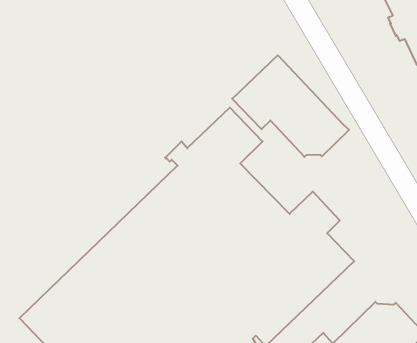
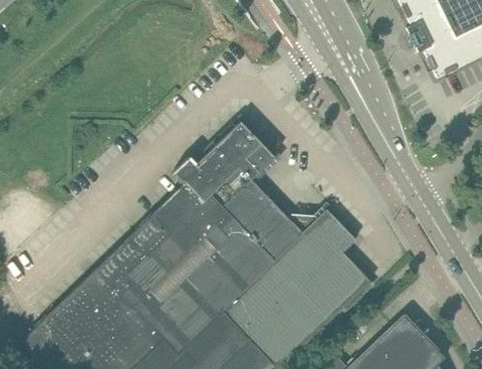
building: [232,55,349,157] -> none

